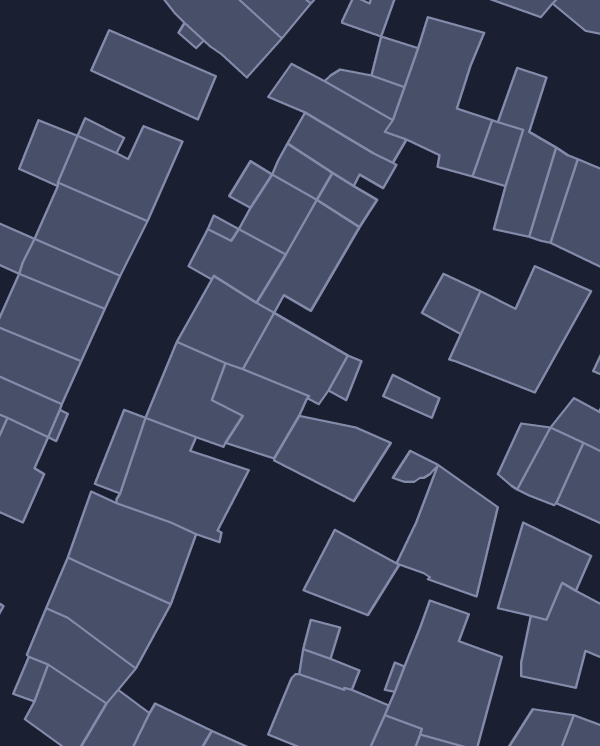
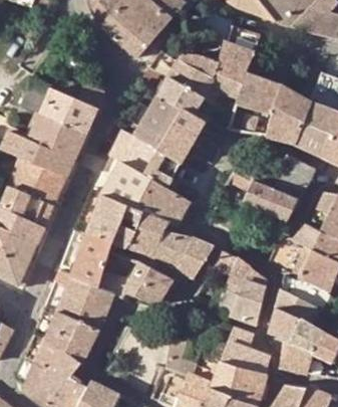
building: [91,30,216,120] -> none
building: [304,530,399,615] -> [123,261,173,306]

